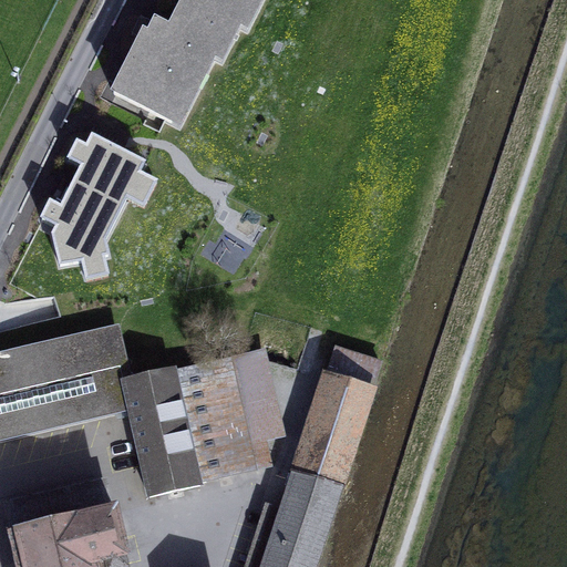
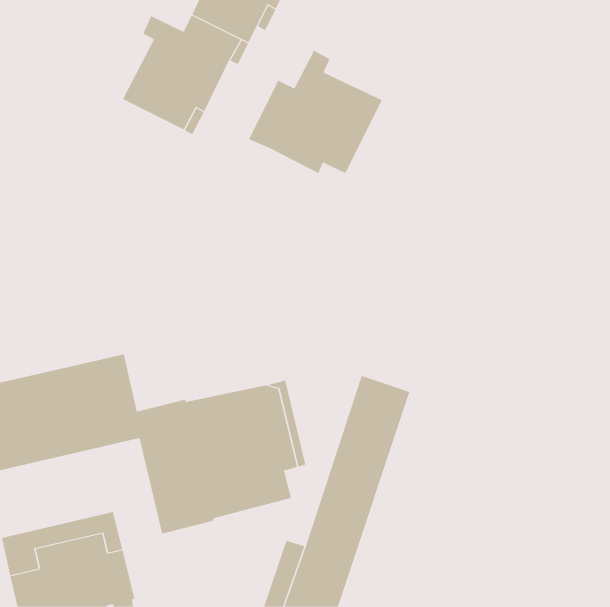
building: none -> [248,50,382,174]
building: [38,135,156,280] -> none

